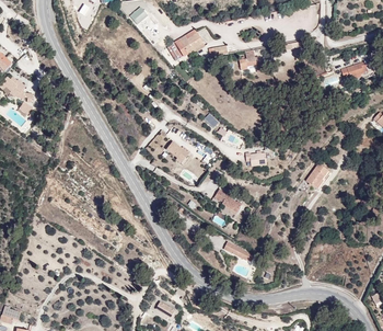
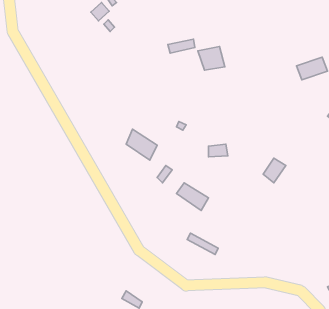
building: [173,24,207,57] -> none

